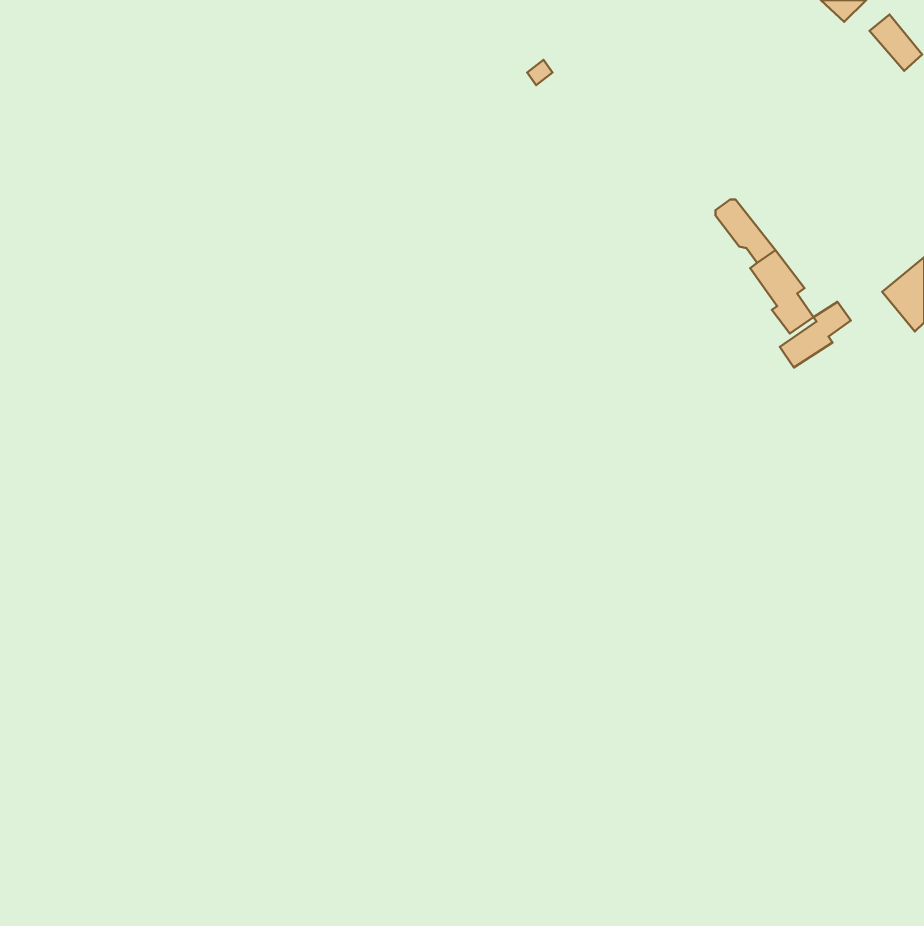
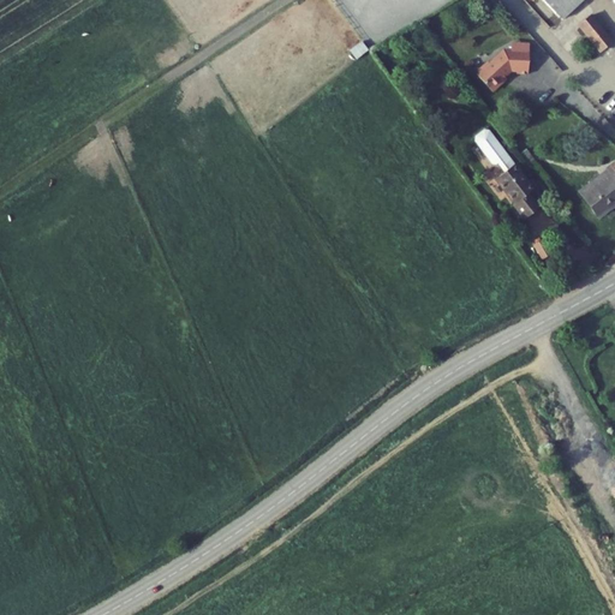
building: none -> [477,43,529,89]
building: [780,302,851,368] -> none

